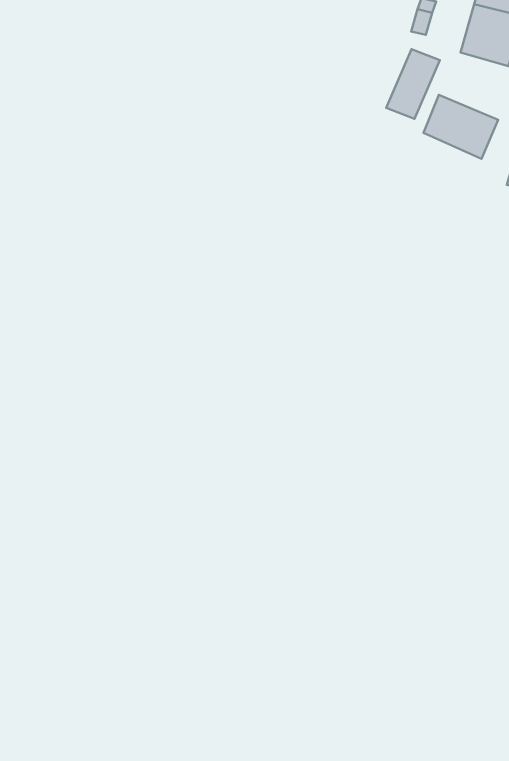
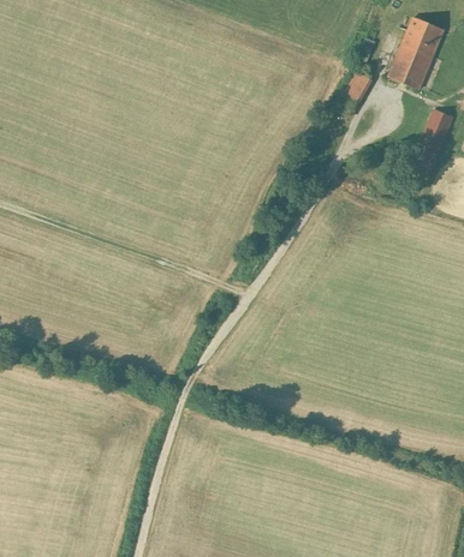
building: [423,95,498,159] -> none

